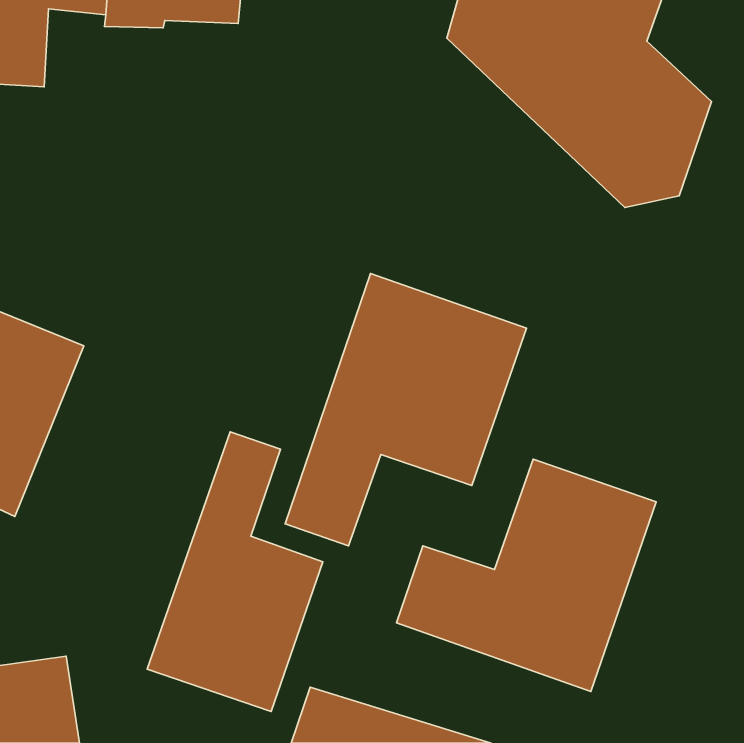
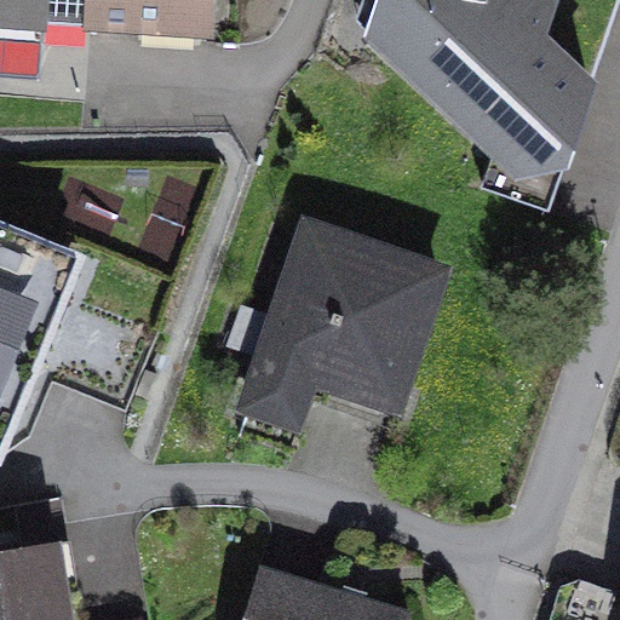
building: [147,432,323,712] -> none
building: [396,459,656,691] -> none

